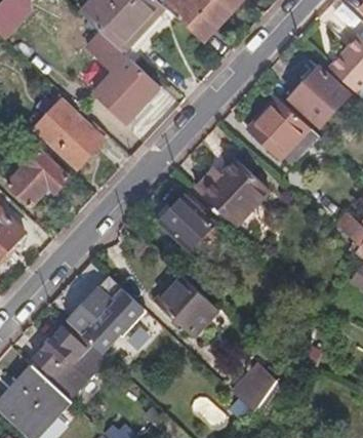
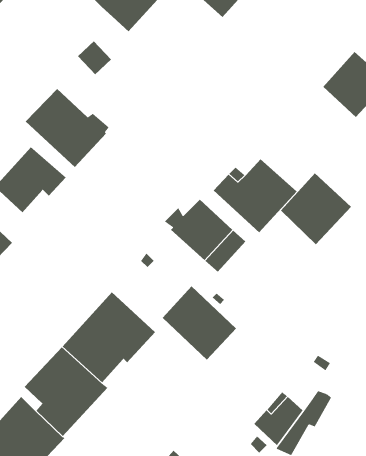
building: [84,31,160,123] -> none
building: [247,97,309,160] -> [280,172,352,245]

